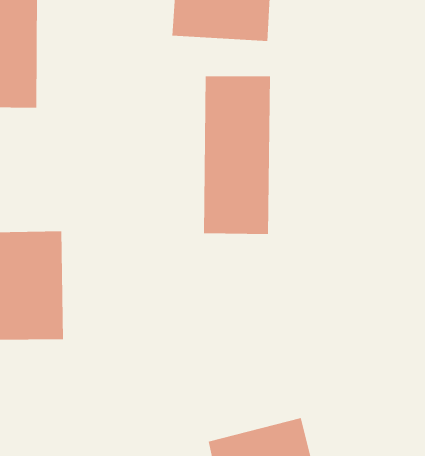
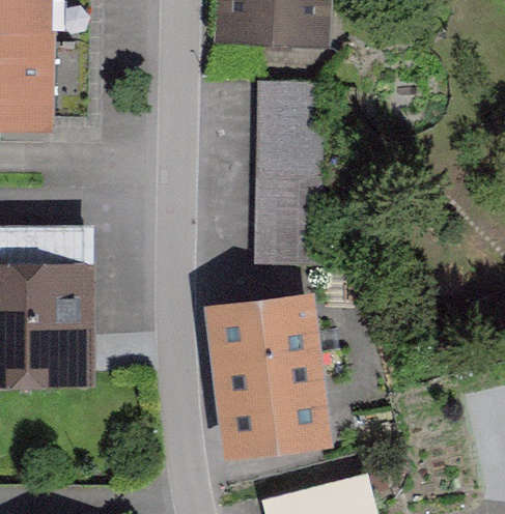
building: none -> [200,288,329,455]

